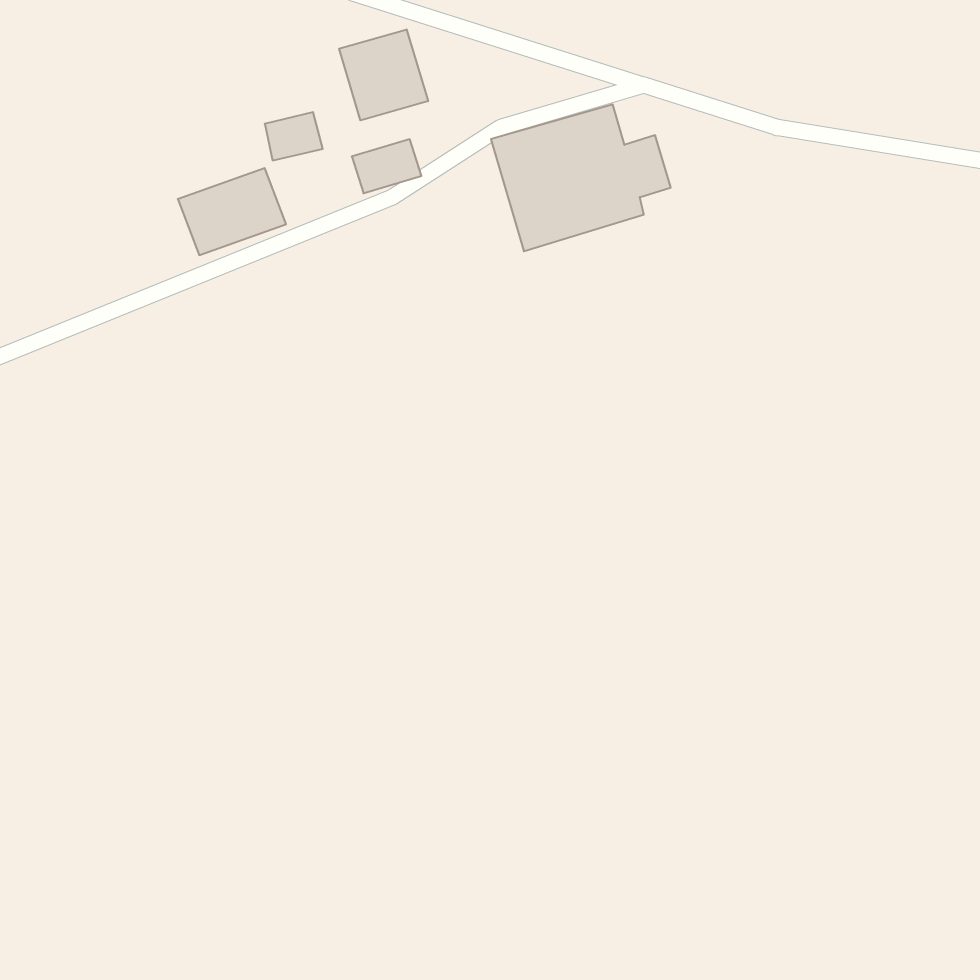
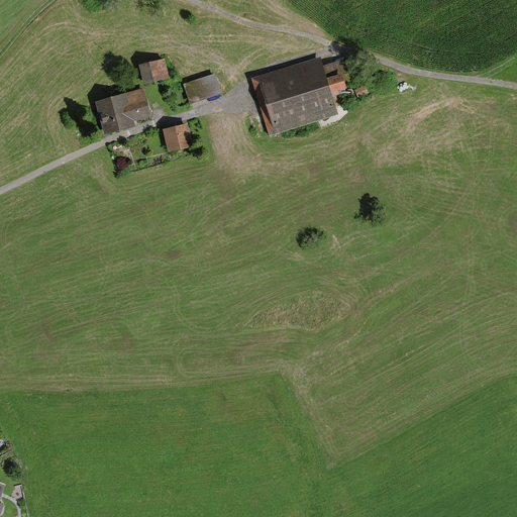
building: [339,29,428,120] -> none
building: none -> [162,122,191,151]

